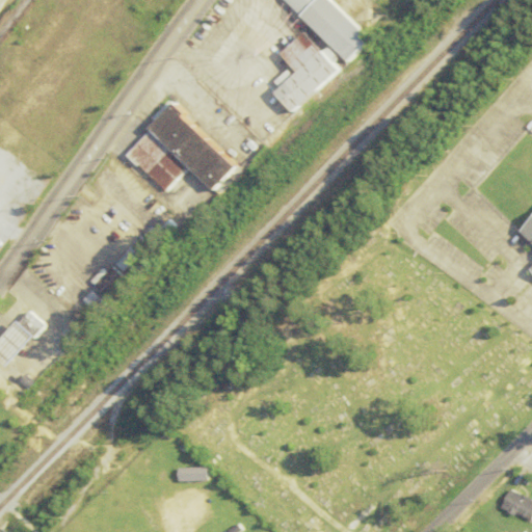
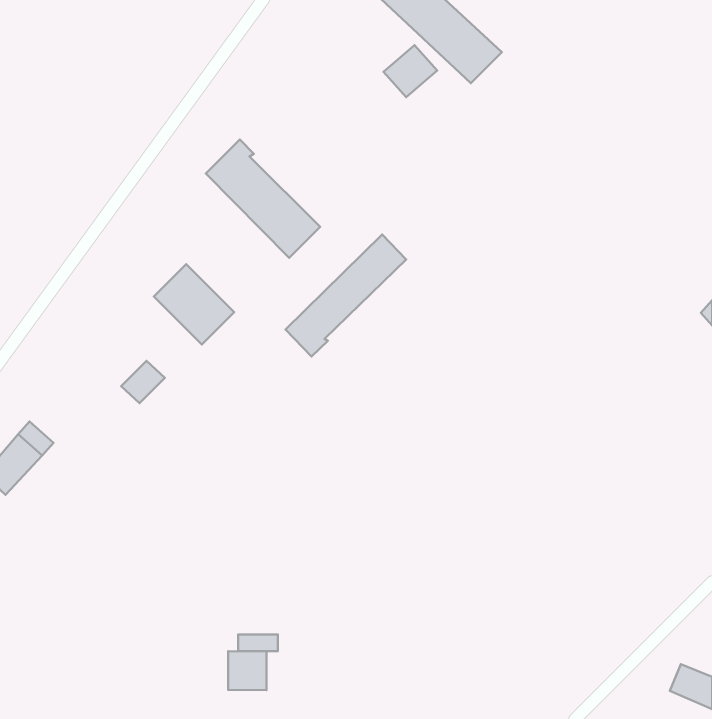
building: [275,51,340,111] -> none
building: [126,131,185,190] -> [154,264,234,344]
building: none -> [286,235,406,357]
building: none -> [228,651,266,690]

